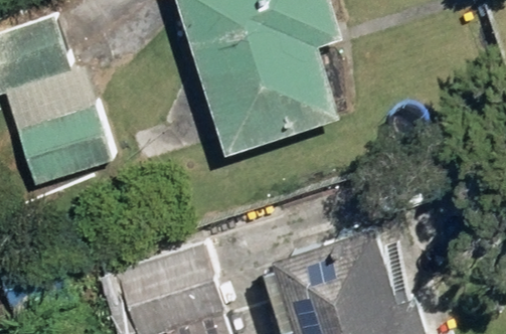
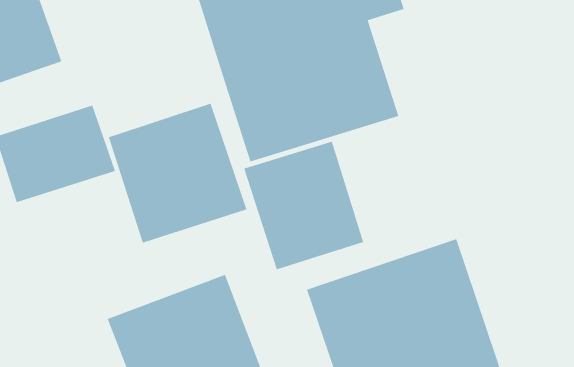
building: none -> [108,103,247,244]
building: none -> [244,141,364,270]

